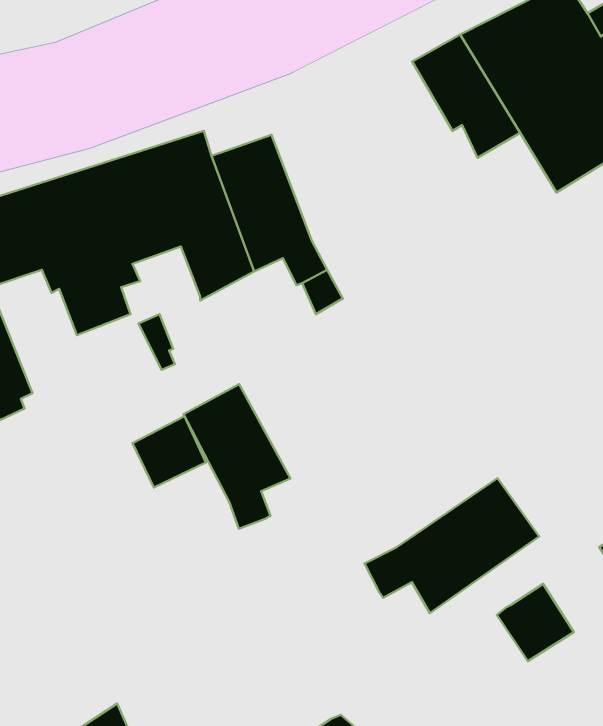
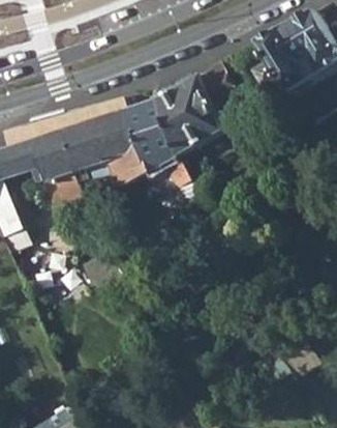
building: none -> [156,63,238,153]
building: [184,384,290,529] -> none
building: [364,478,539,613] -> none

